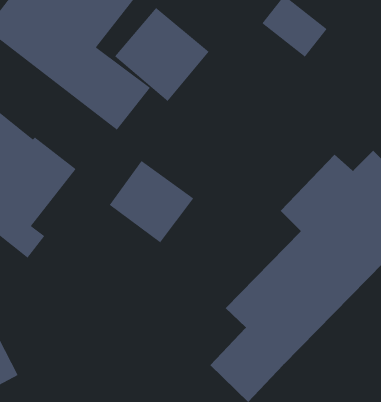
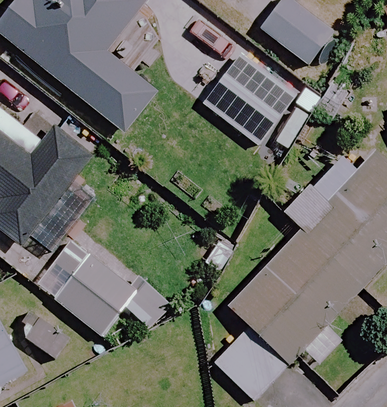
building: [114,7,210,102] -> [203,52,297,145]
building: [109,160,194,243] -> [52,252,136,334]

